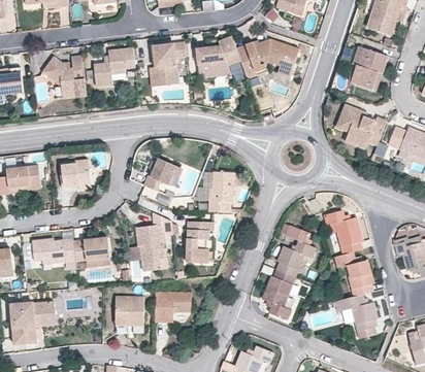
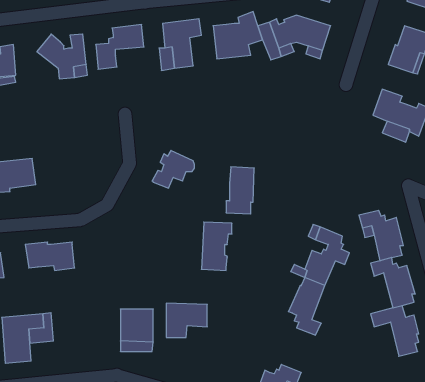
building: [58,159,91,188] -> none
building: [135,212,172,271] -> none
building: [72,236,109,262] -> none

